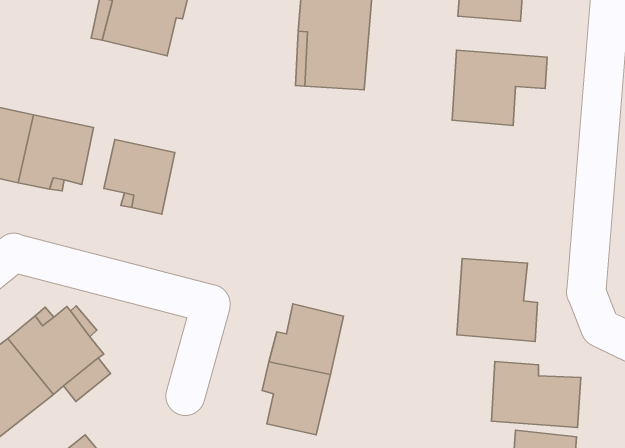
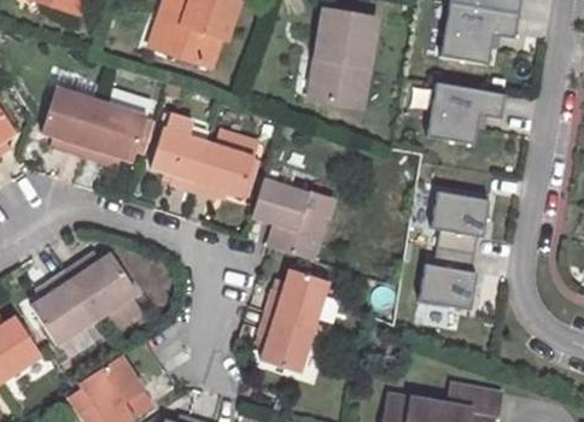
building: none -> [194,142,256,197]
building: none -> [425,186,495,254]
building: none -> [251,178,332,260]
building: [492,362,581,427] -> none

